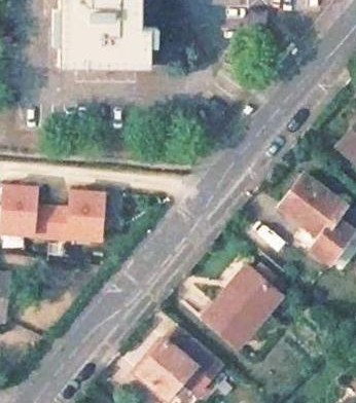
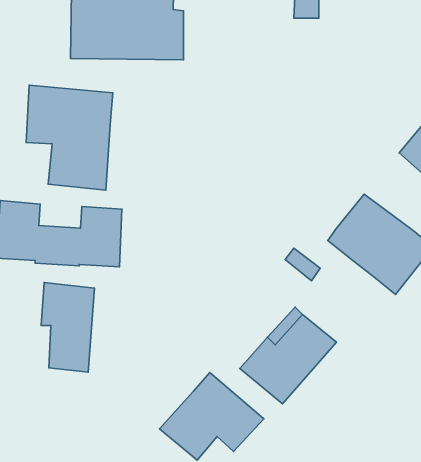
building: none -> [26,85,113,190]
building: none -> [41,283,94,372]

